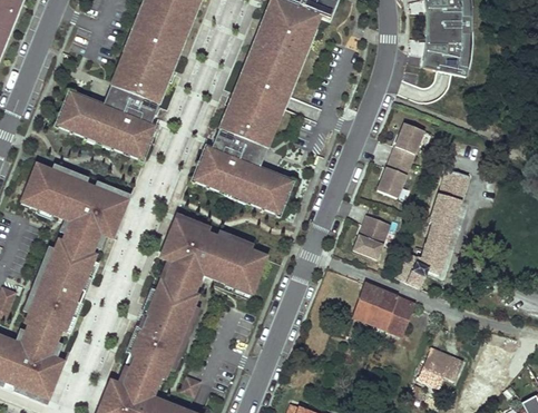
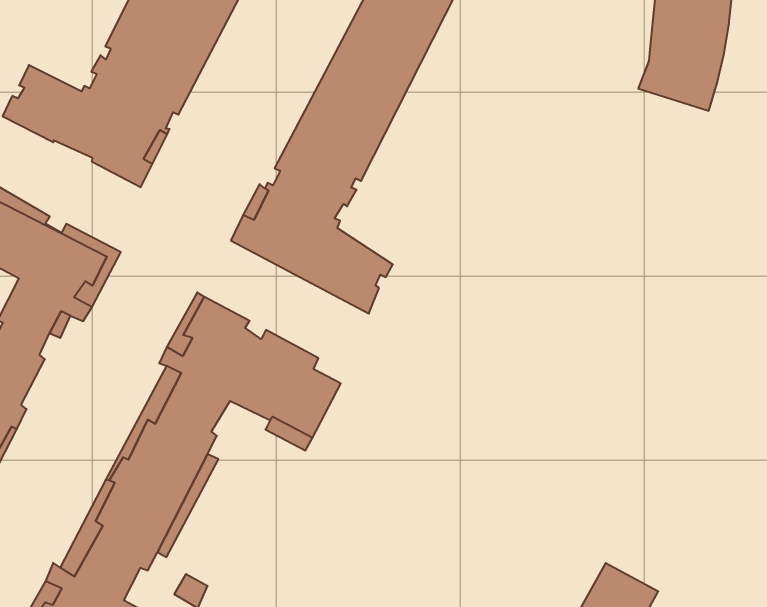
building: [379,124,424,197] -> none
building: [398,156,473,287] -> none
building: [355,216,389,257] -> none
building: [352,282,415,338] -> none

